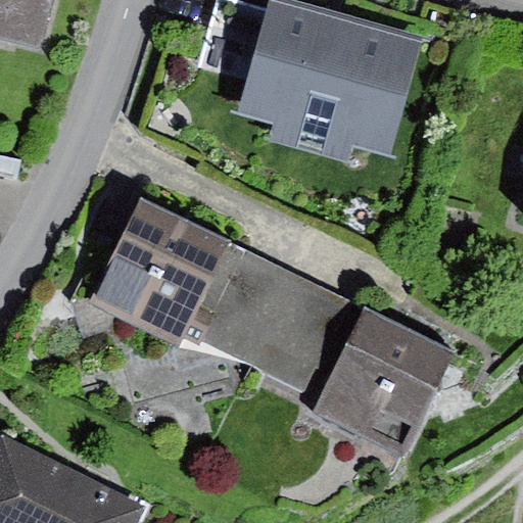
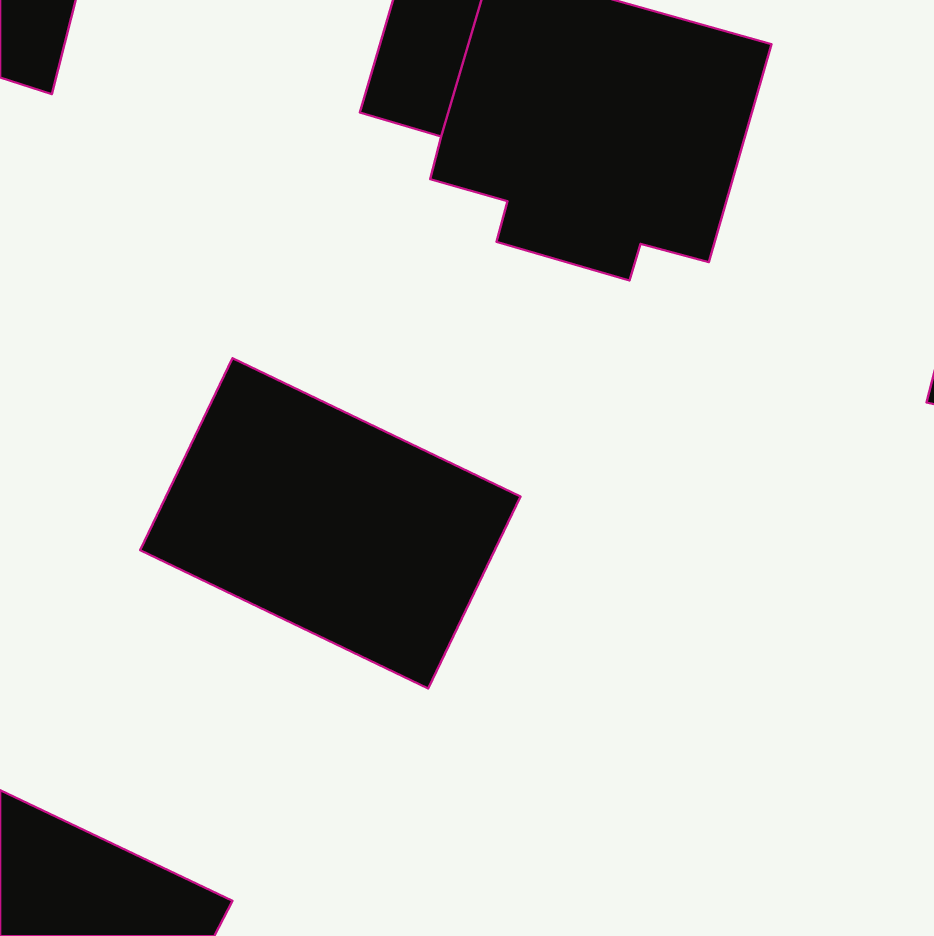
building: [242,275,454,458] -> none

